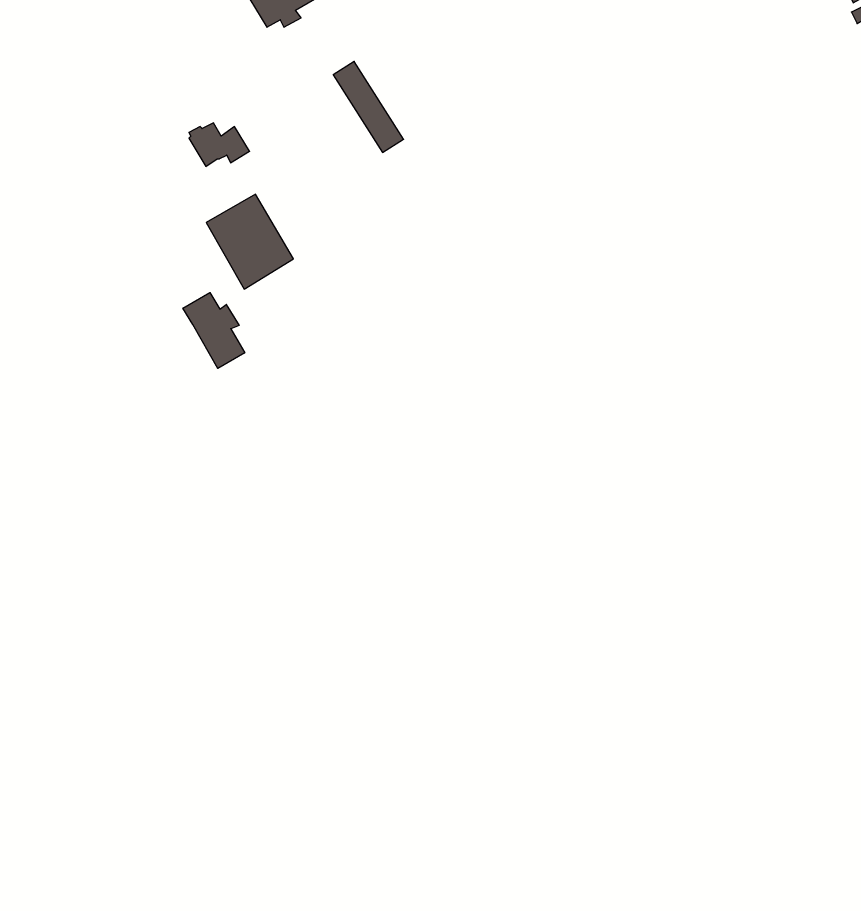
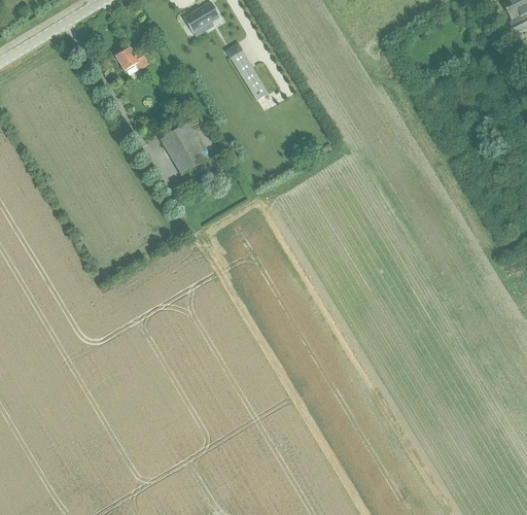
building: [189,123,250,166] -> [115,46,148,70]
building: [183,293,245,368] -> none

